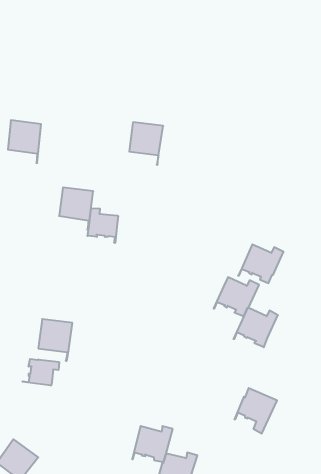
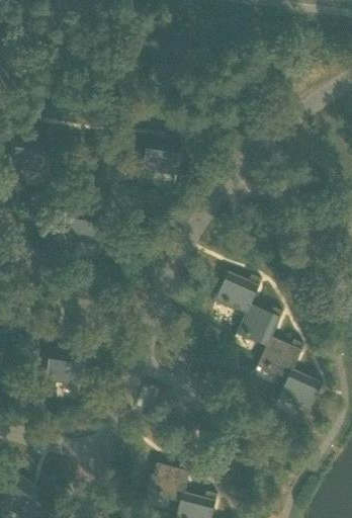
building: [87,208,118,243] -> none
building: [238,244,284,283] -> [212,274,261,316]
building: [22,359,59,386] -> none
building: [234,388,277,433] -> [276,371,322,420]

